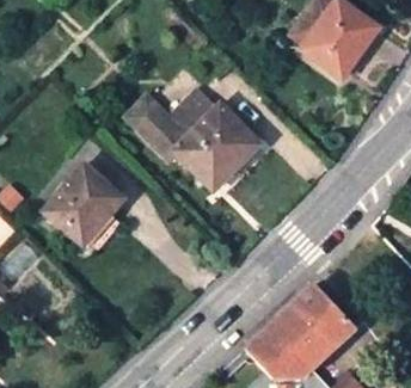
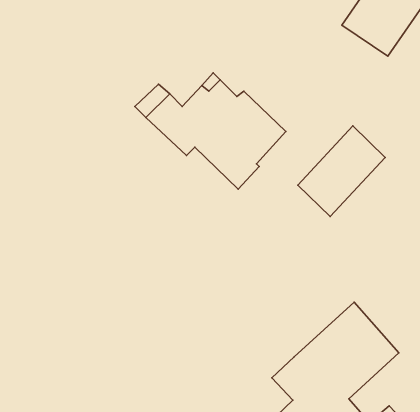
building: none -> [298,126,385,217]
building: [45,165,123,242] -> none

